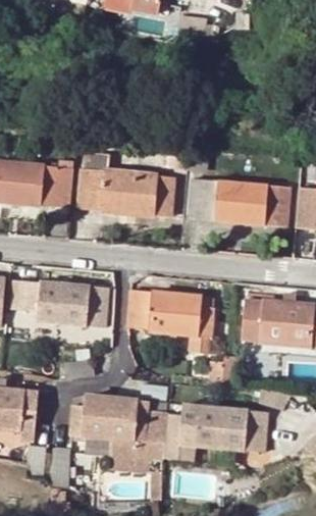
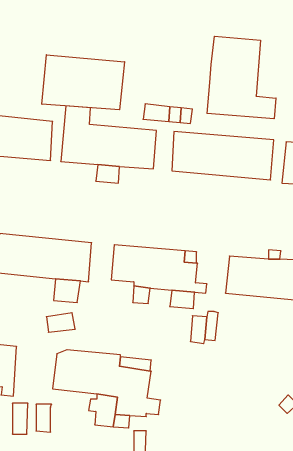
building: none -> [207,36,276,119]
building: none -> [42,55,125,110]
building: [183,405,267,450] -> none

